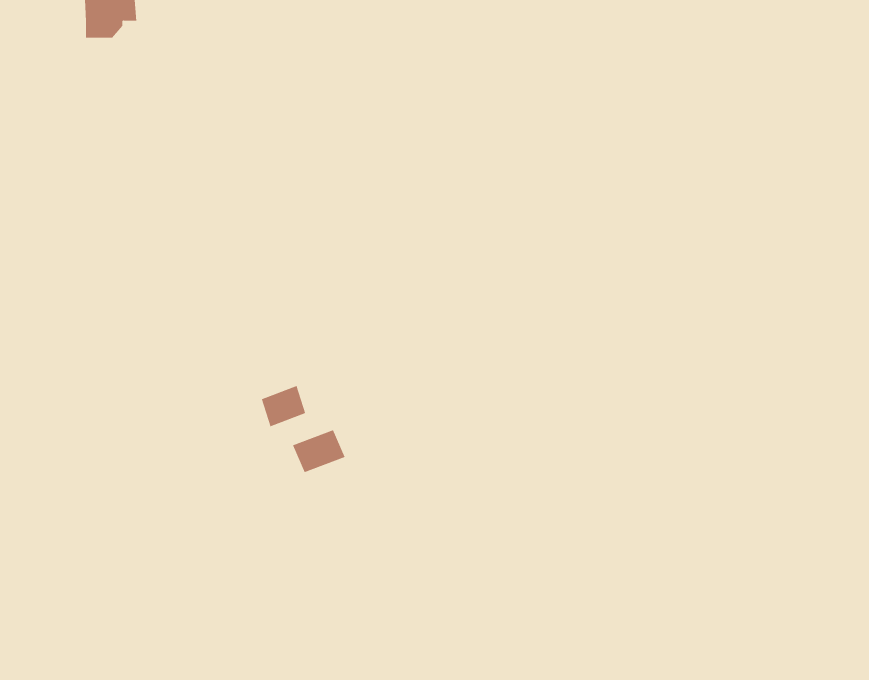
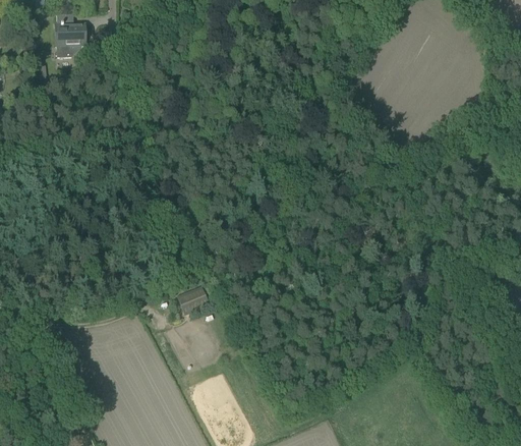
building: [261,385,306,427] -> none

